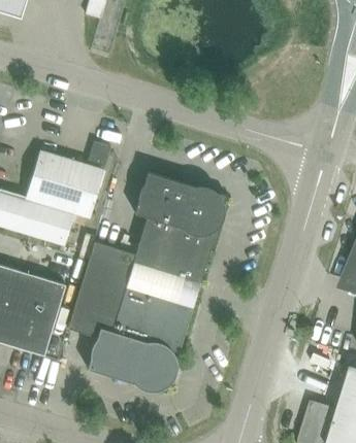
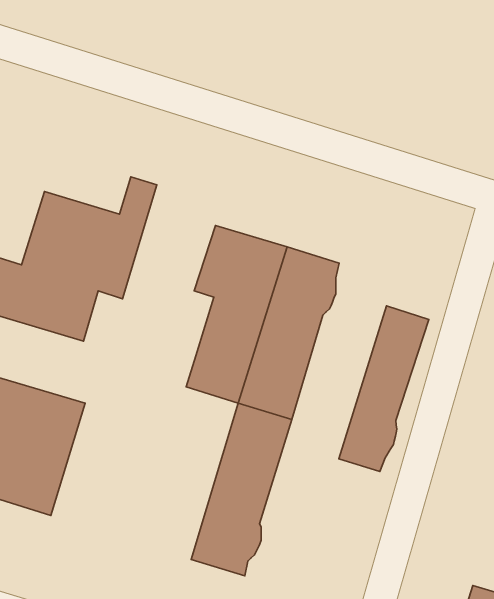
building: none -> [339,306,429,472]
building: [67,242,162,383] -> none

